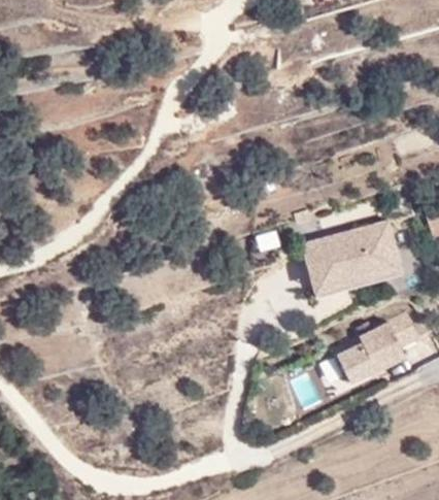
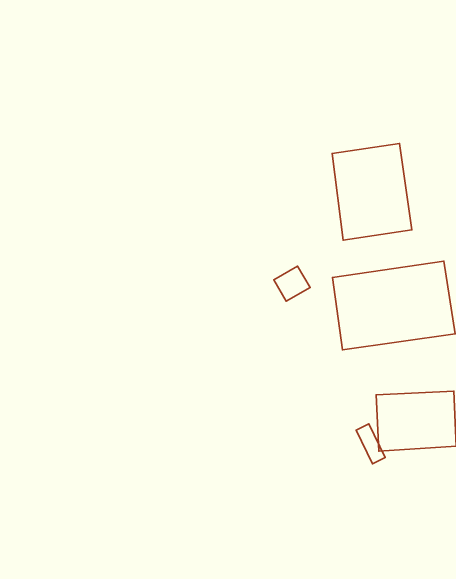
building: none -> [332,143,412,240]

